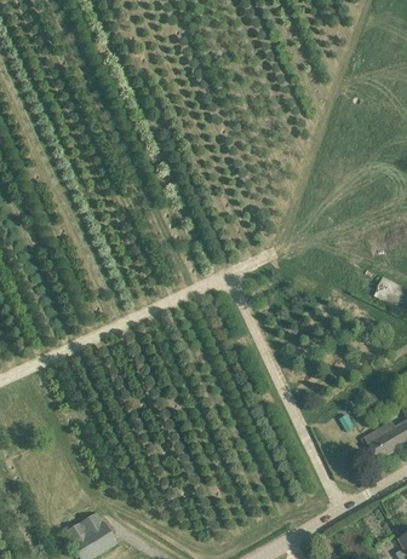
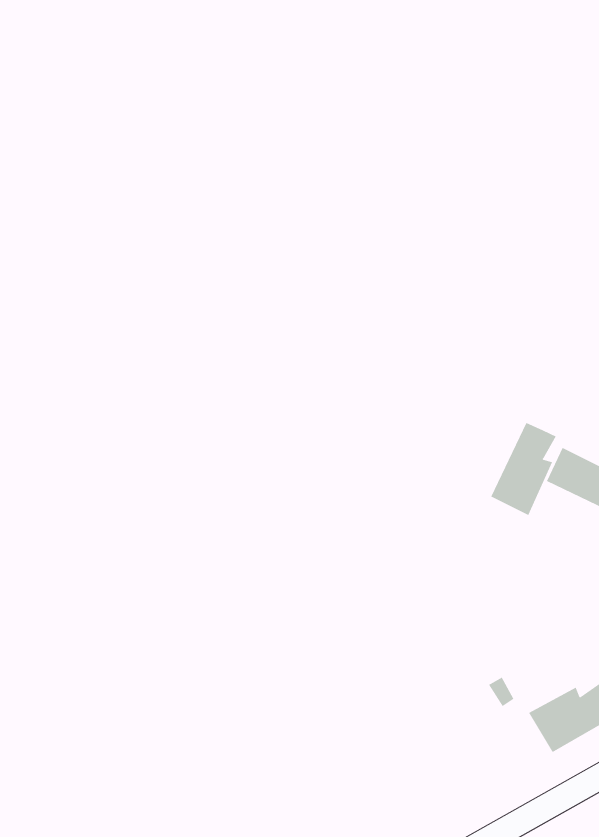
building: none -> [491,422,557,516]

